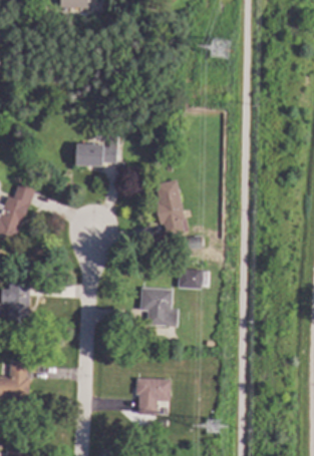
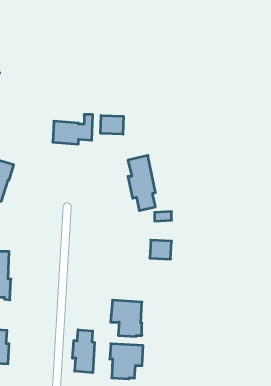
building: none -> [101,115,123,134]
building: [138,287,172,325] -> [111,300,142,336]
building: none -> [73,330,94,373]

